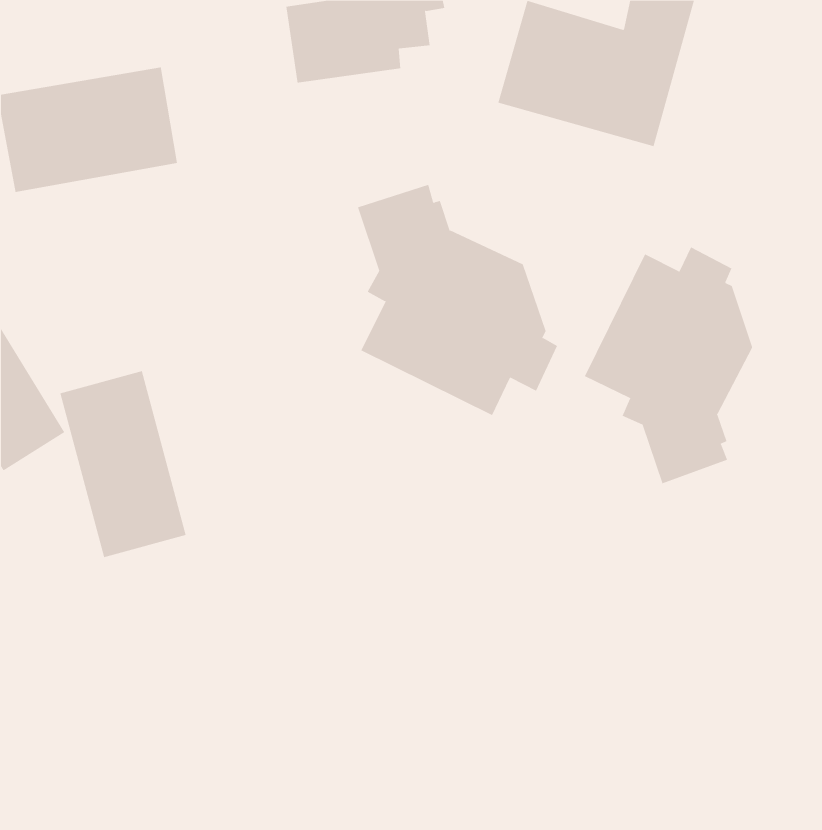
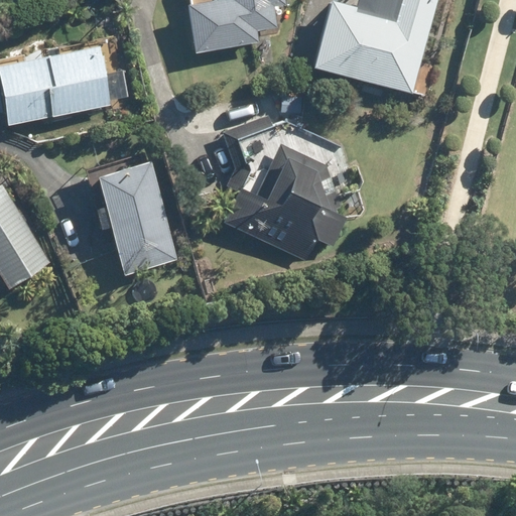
building: [584,246,753,484] -> none
building: [59,370,187,558] -> [93,161,171,277]

